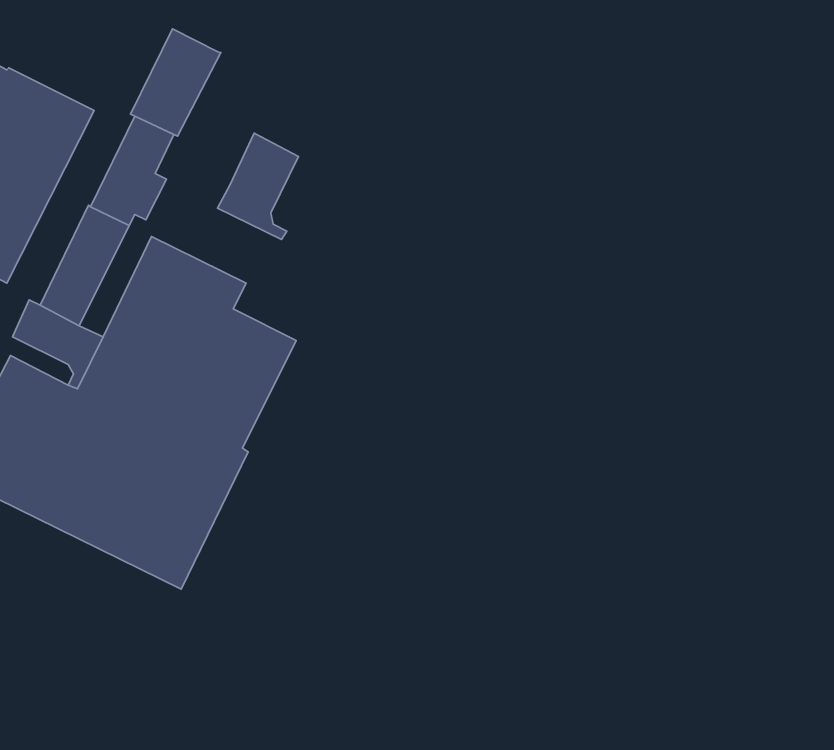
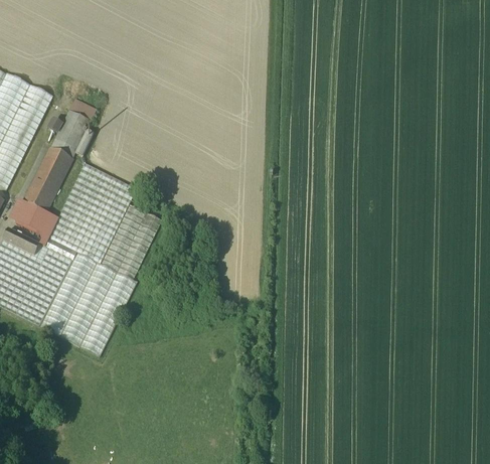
building: [131,29,221,136] -> none
building: [217,133,298,240] -> none

